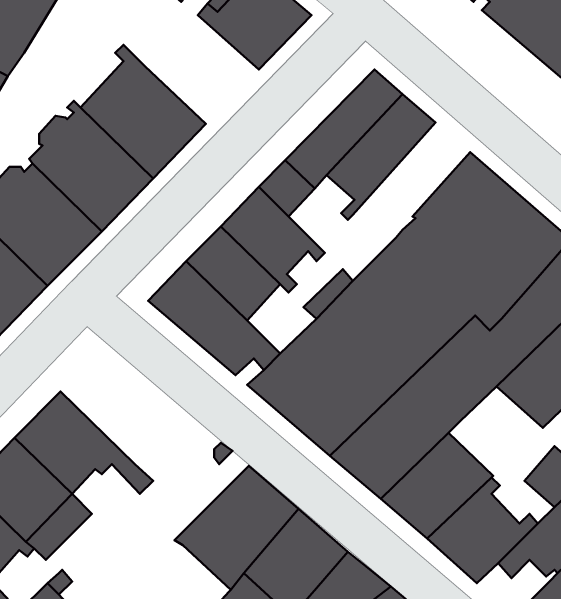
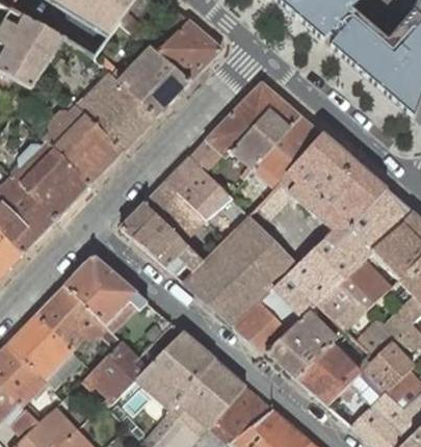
building: none -> [111,48,189,116]
building: none -> [248,115,322,188]
building: none -> [64,255,148,331]
building: none -> [316,282,368,331]
building: none -> [83,341,143,402]

